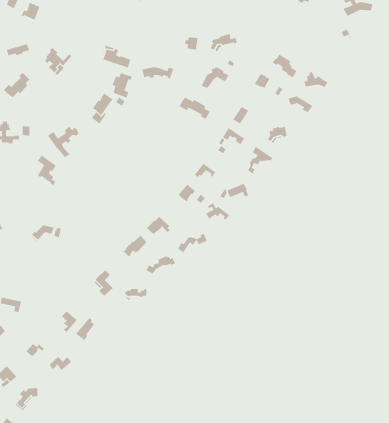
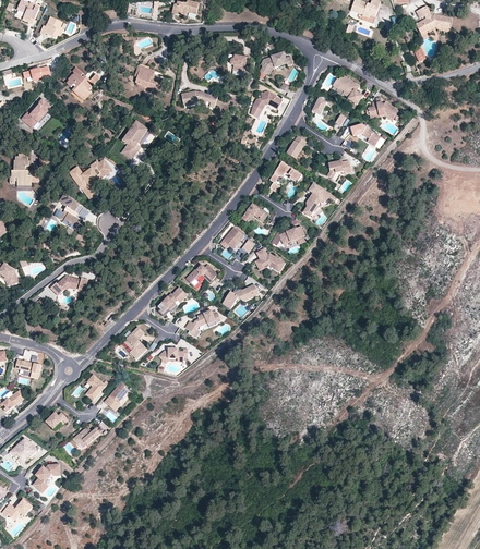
building: [111,72,133,98] -> none
building: [179,97,211,120] -> none

